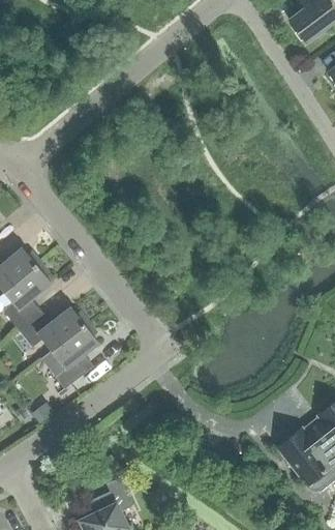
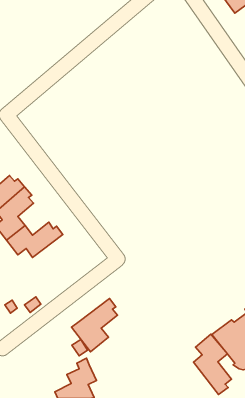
building: [40,321,98,388] -> [72,299,118,352]
building: none -> [193,334,232,395]

